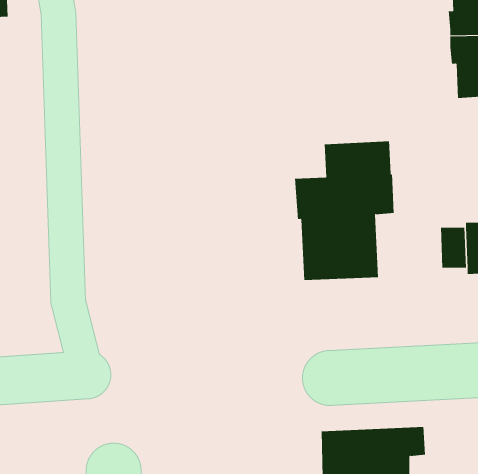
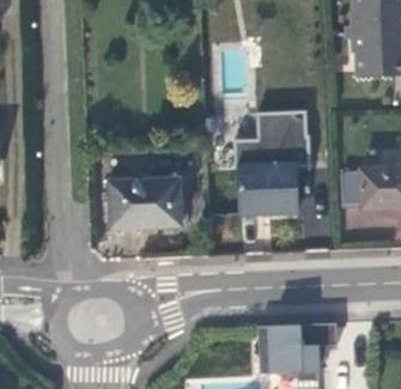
building: none -> [110,180,182,230]

